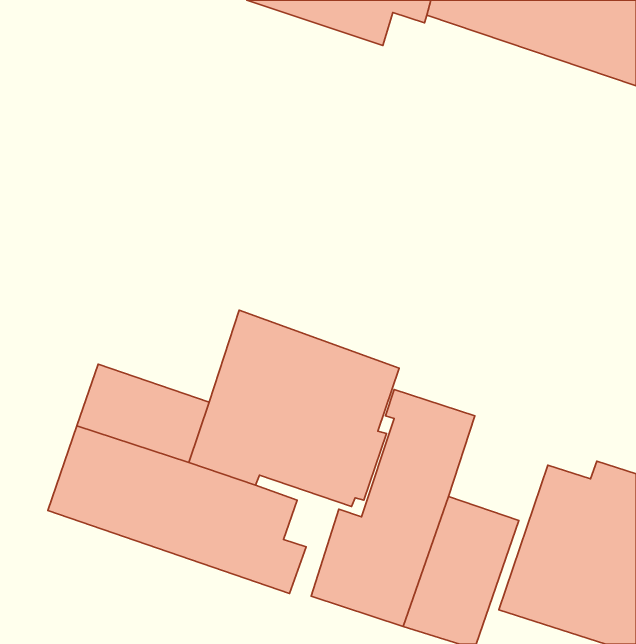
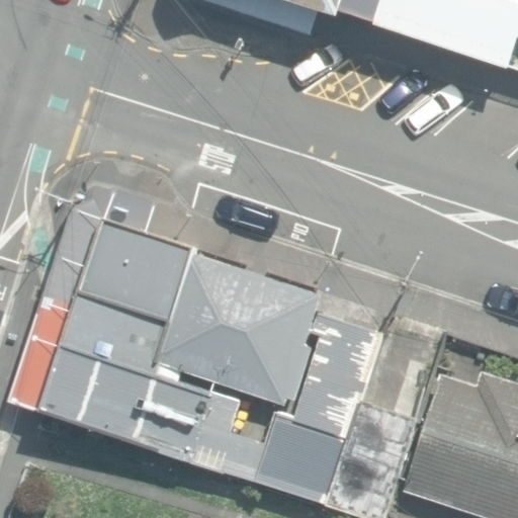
building: none -> [79,219,192,323]

